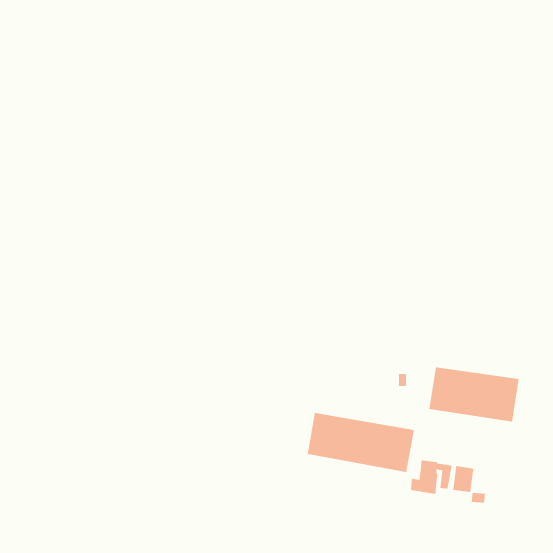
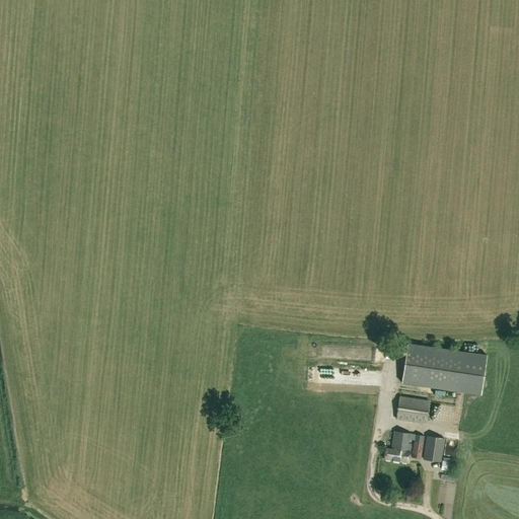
building: [307,412,414,473] -> none
building: none -> [396,396,429,424]

